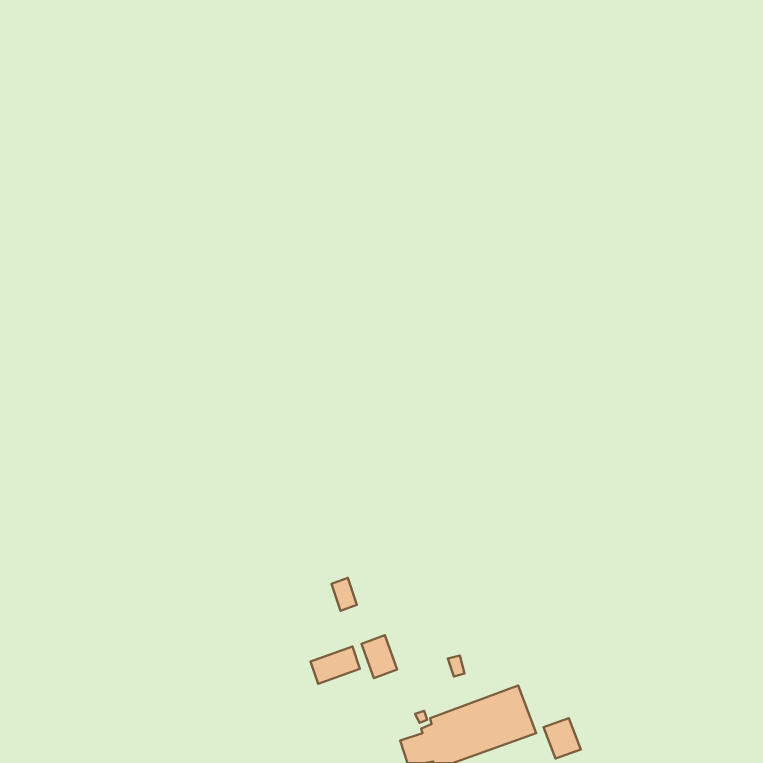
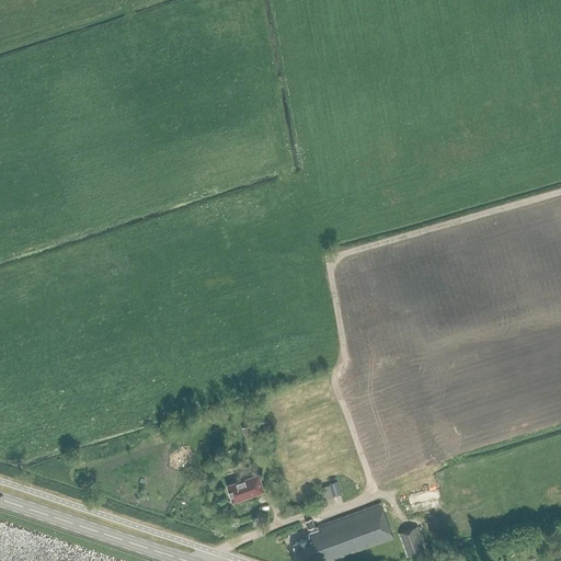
building: [362,635,397,678] -> none

